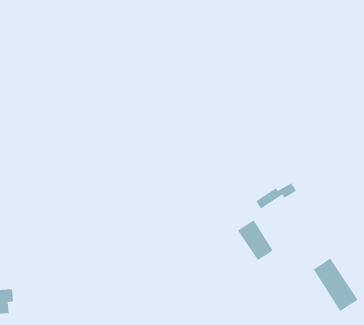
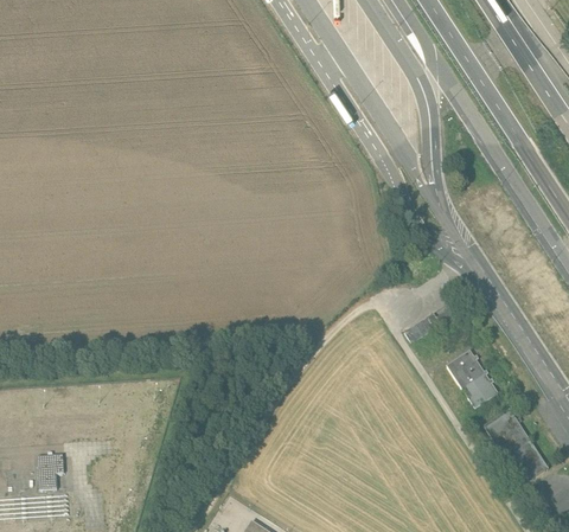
building: [237,219,273,261] -> [447,350,498,408]

